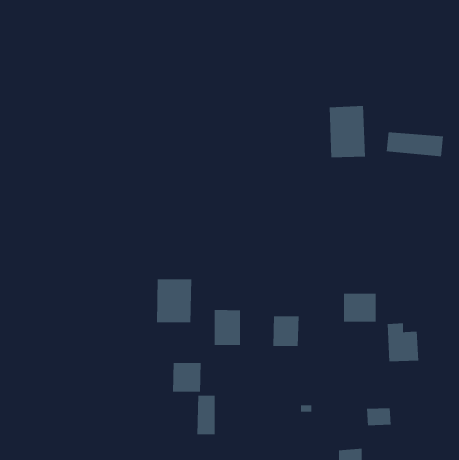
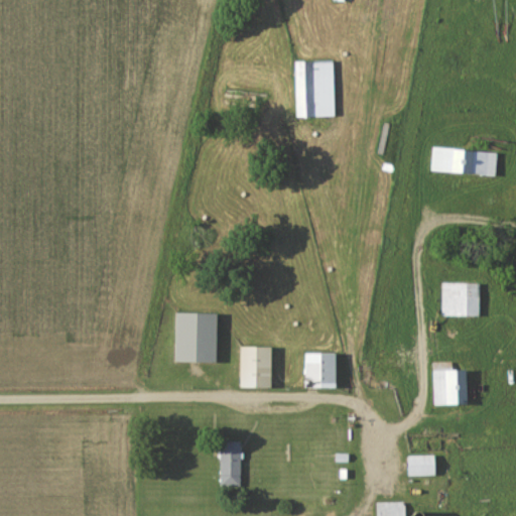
building: [329,106,366,158] -> [294,60,336,119]
building: [343,293,377,322] -> [442,284,480,316]
building: [172,362,201,393] -> none

